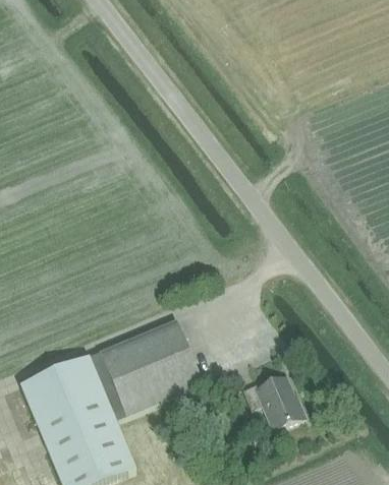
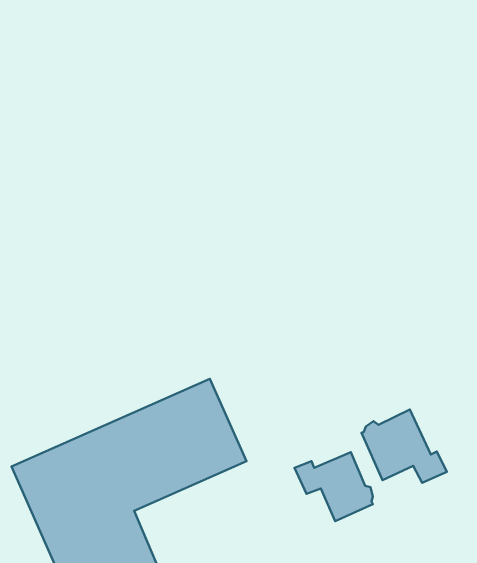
building: none -> [361,410,447,483]

